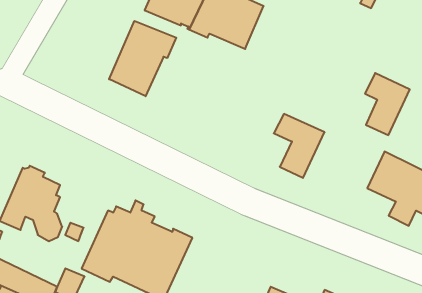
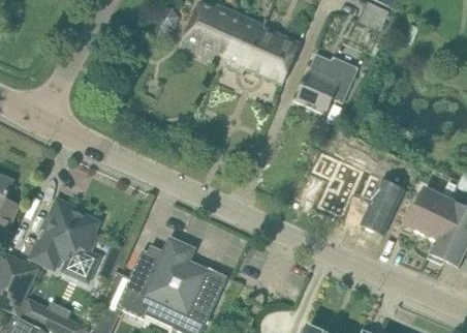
building: none -> [298,53,359,110]
building: [109,21,176,96] -> none
building: [365,73,410,135] -> [360,172,405,235]

